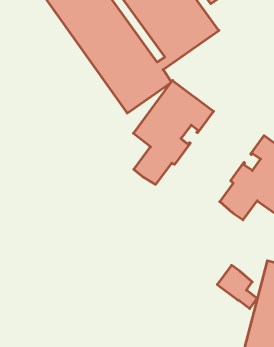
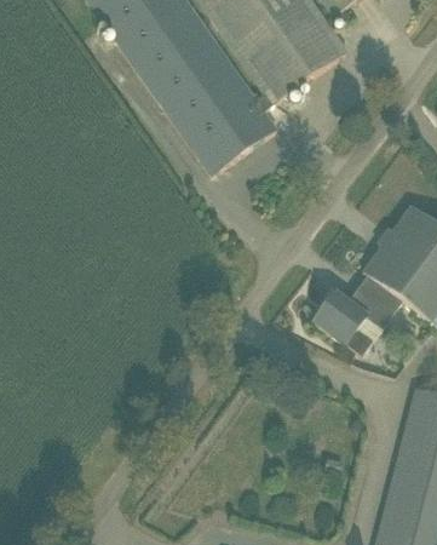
building: [133,80,214,184] -> none
building: [217,265,257,309] -> [315,293,373,356]

